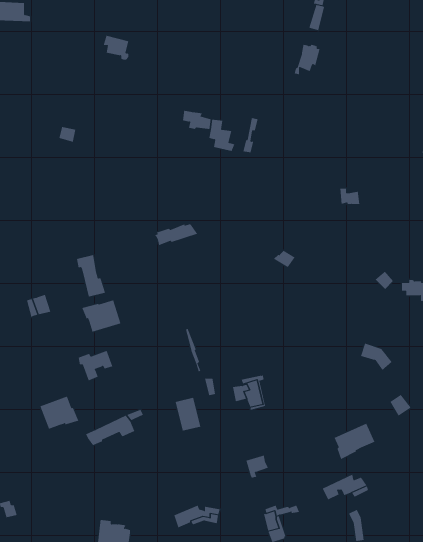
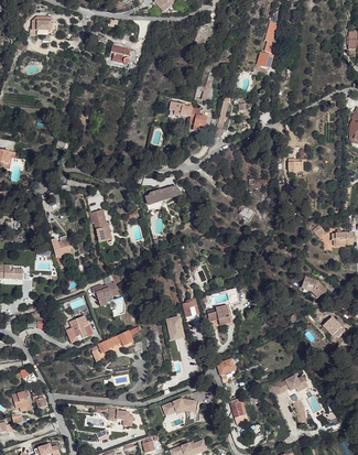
building: [81,300,121,333] -> none
building: [334,423,375,460] -> none

